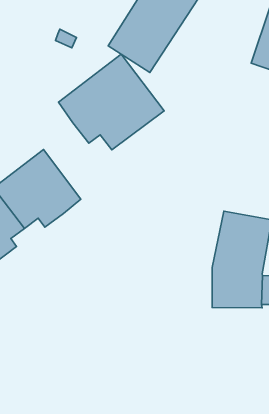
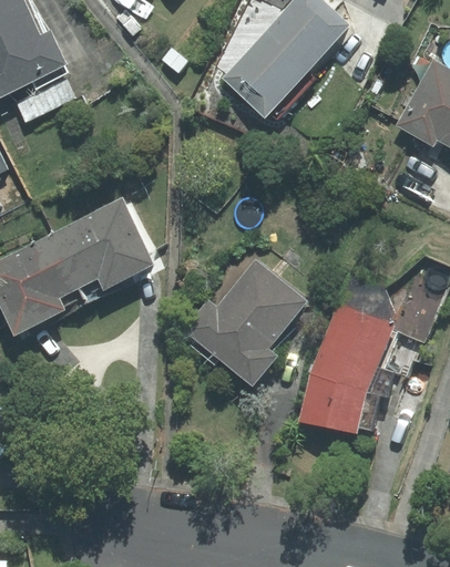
building: [59,54,164,150] -> none
building: none -> [182,259,308,386]

